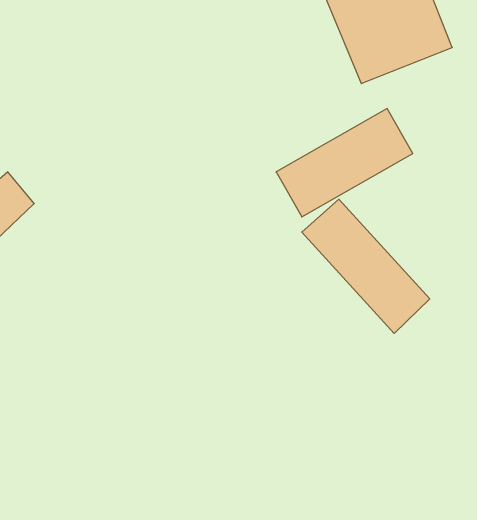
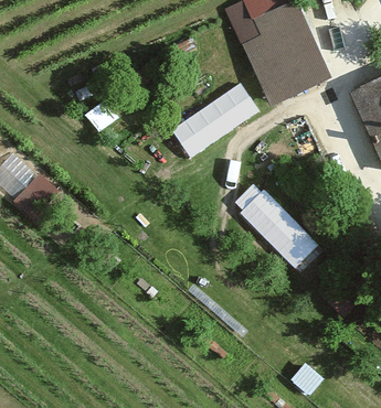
building: [276,109,413,217] -> [174,80,264,155]

